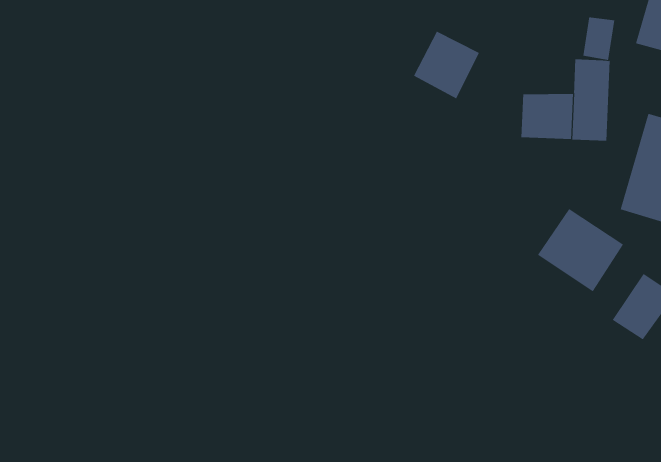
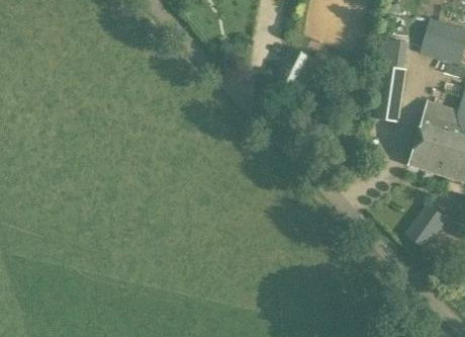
building: [521,93,573,140] -> none
building: [537,208,624,292] -> none

